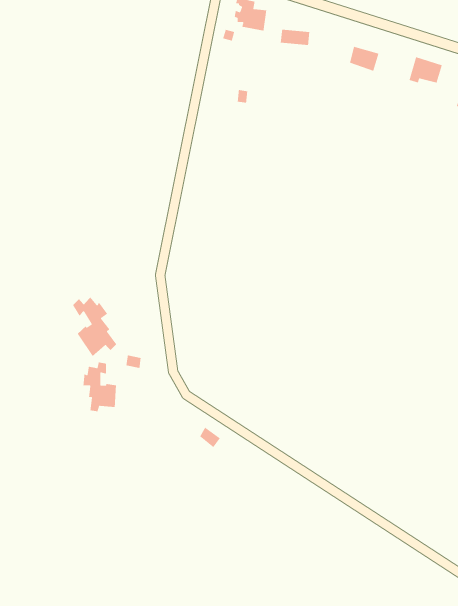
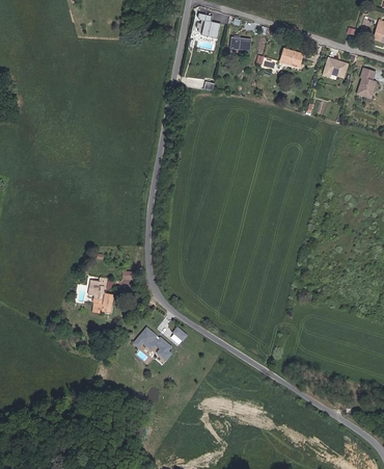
building: [72,296,117,357] -> none
building: none -> [133,324,172,360]

